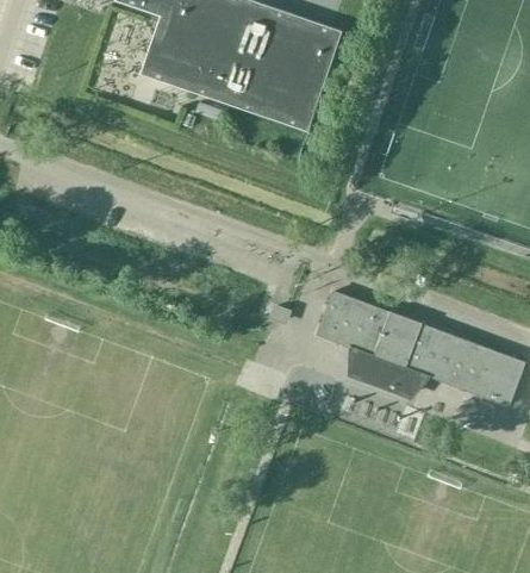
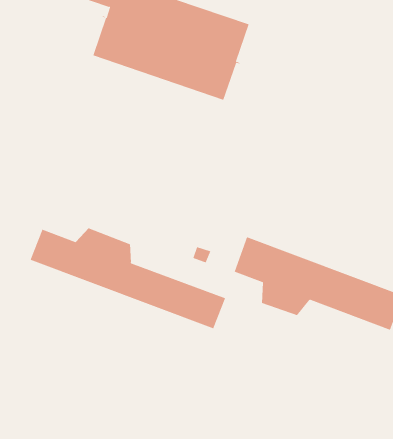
building: none -> [30,227,226,329]

